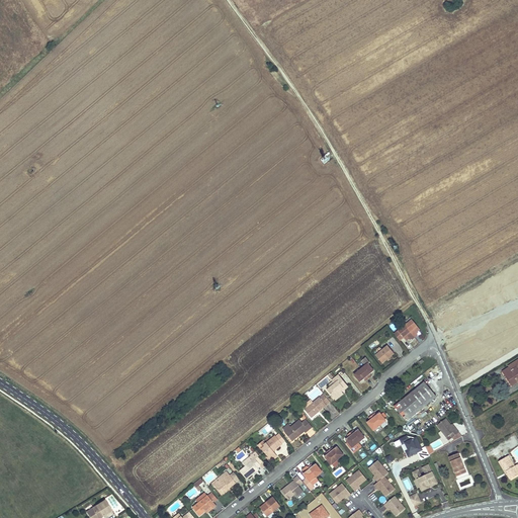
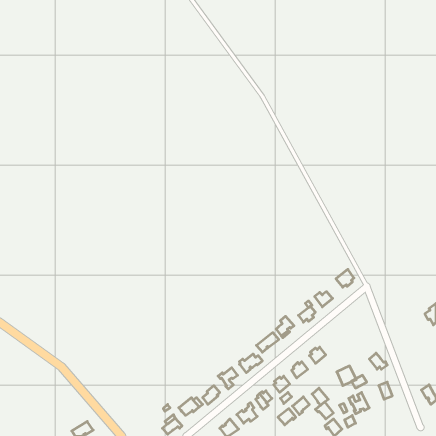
building: [395,381,436,420] -> none

